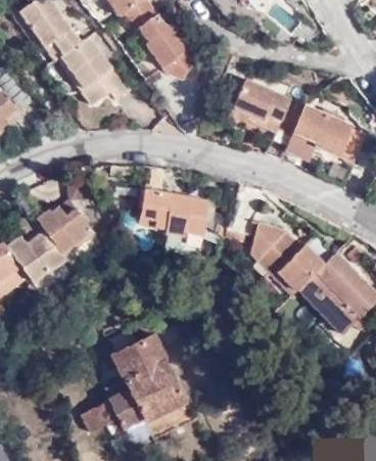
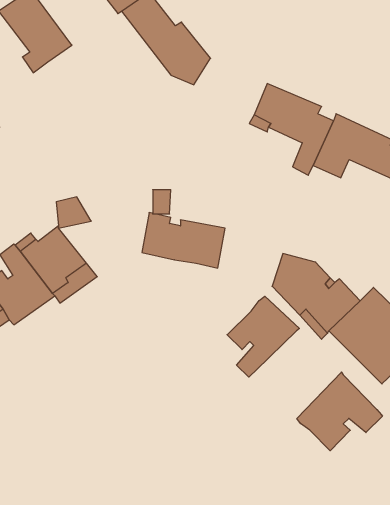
building: [60,41,129,107] -> none
building: none -> [227,296,299,377]
building: none -> [297,372,382,451]
building: [80,334,184,427] -> none

